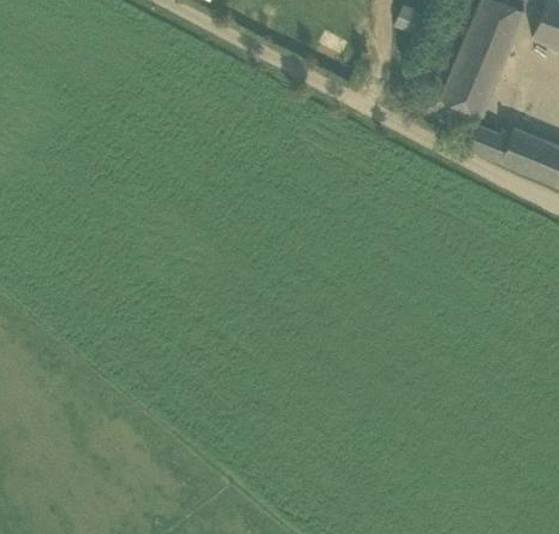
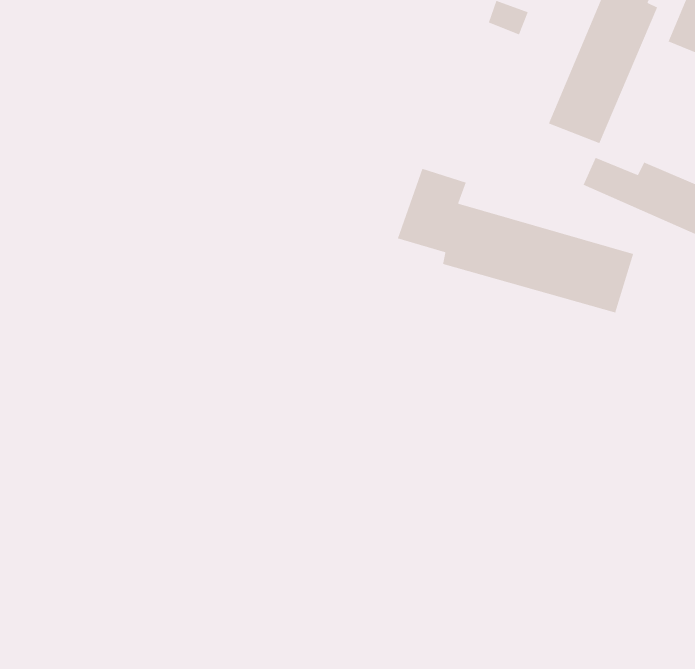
building: none -> [397,168,634,314]

